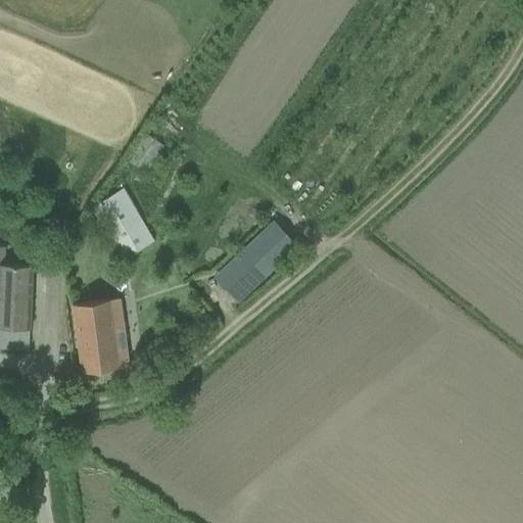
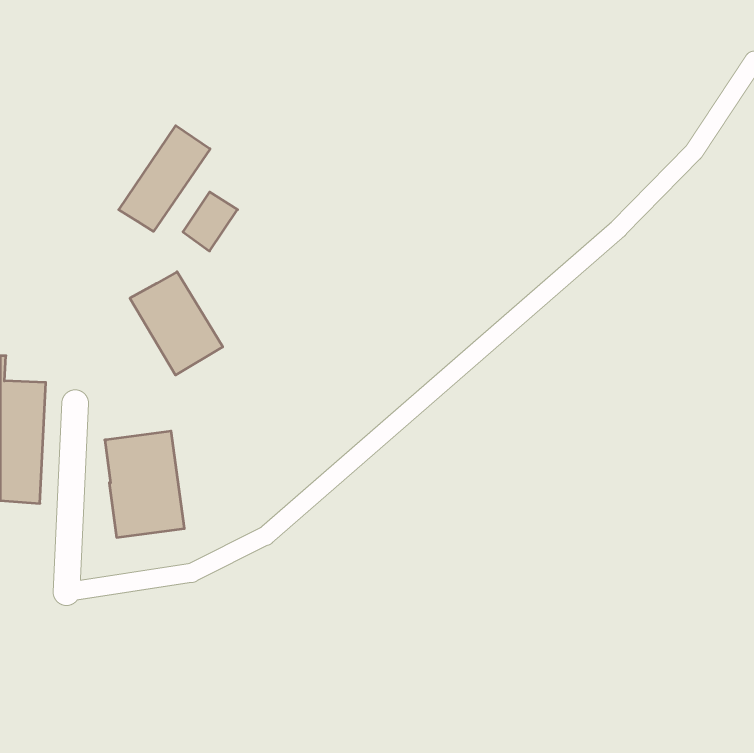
building: none -> [119,126,210,231]
building: [212,221,297,302] -> none

